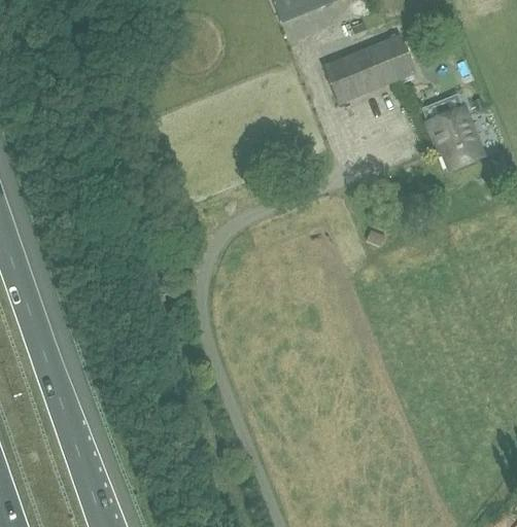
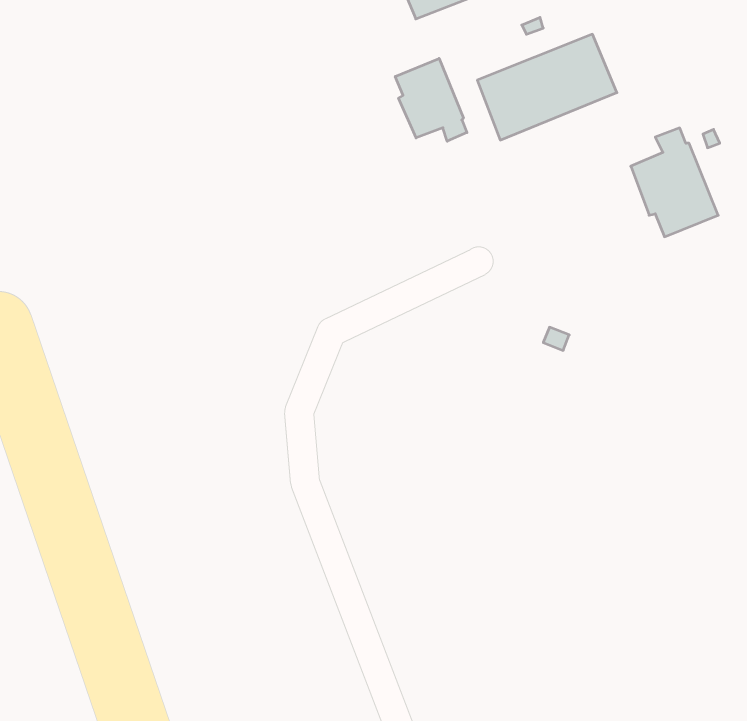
building: none -> [395,58,467,141]

